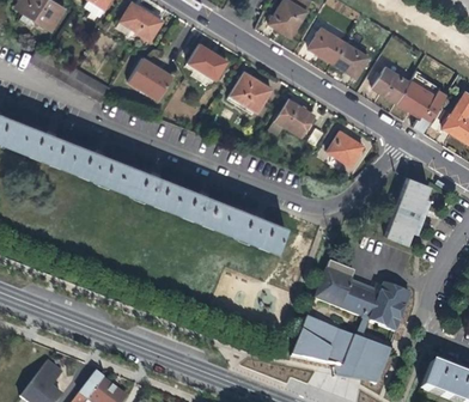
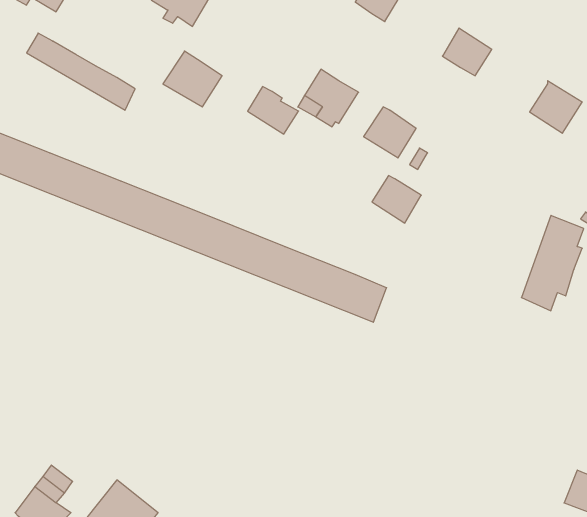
building: [307,28,343,62] -> none
building: [188,44,225,79] -> [248,87,299,134]
building: [371,67,408,103] -> none
building: [327,132,363,166] -> [372,176,421,223]
building: [291,260,414,382] -> none

